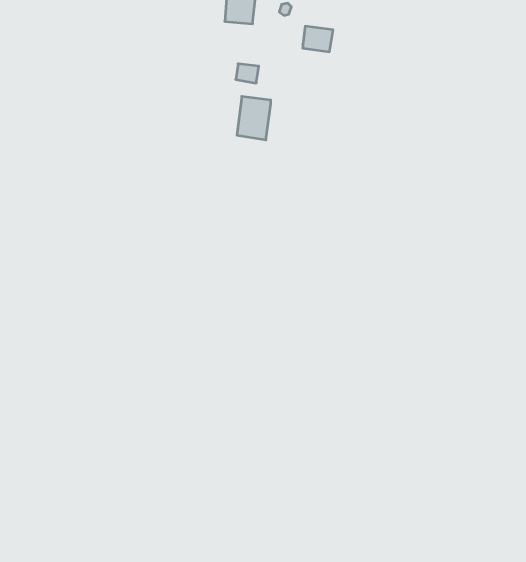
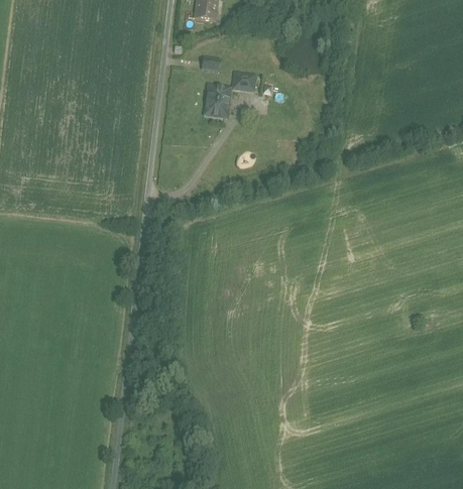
building: [303,26,333,52] -> [231,71,256,92]

